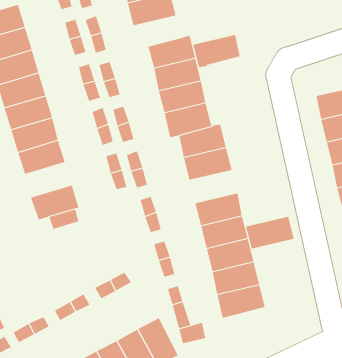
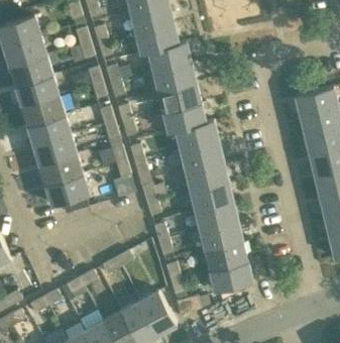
building: [192,34,242,68] -> [135,24,179,53]
building: none -> [39,153,82,185]
building: [245,216,294,249] -> [185,160,228,190]

